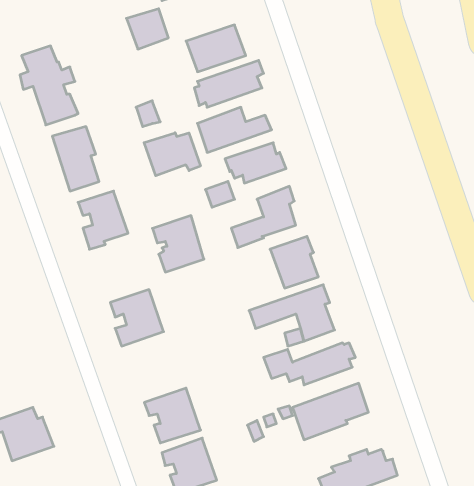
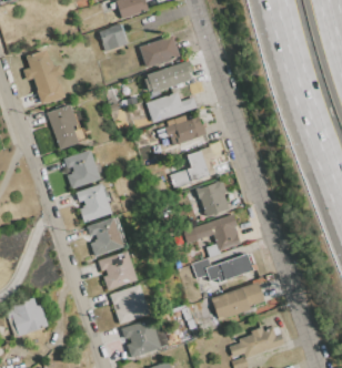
building: [144,133,200,176] -> none
building: [152,216,204,272] -> [76,183,111,222]
building: none -> [98,252,137,289]

